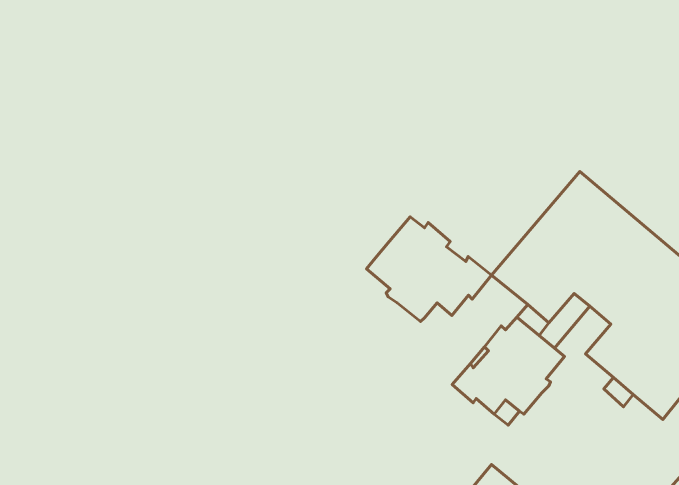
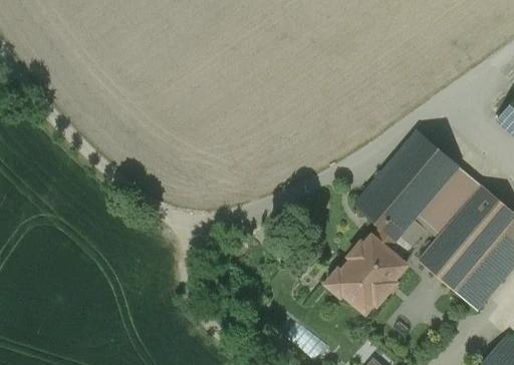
building: [366,217,491,322] -> none

